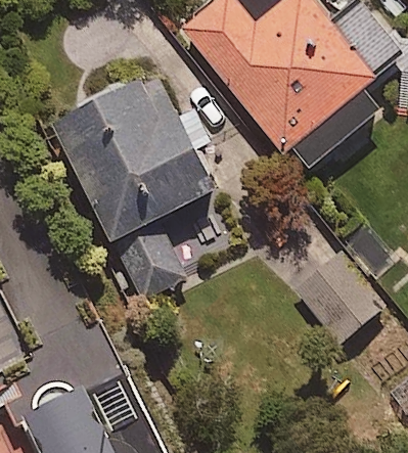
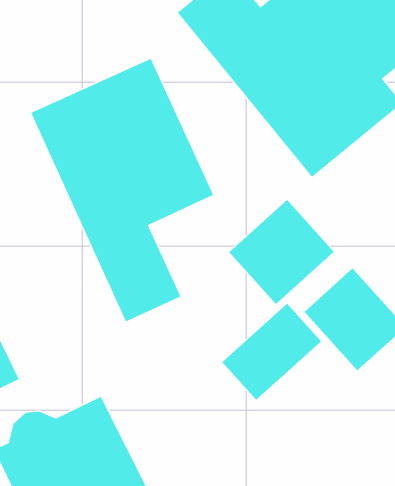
building: none -> [229,199,335,305]
building: none -> [222,303,322,401]

